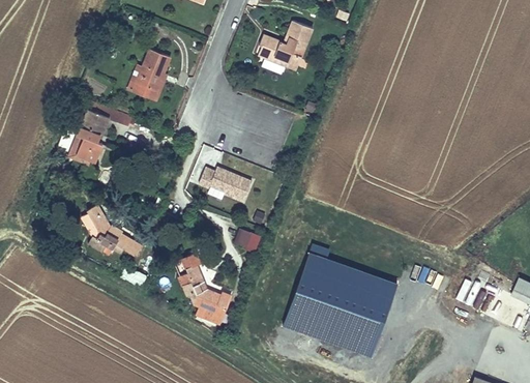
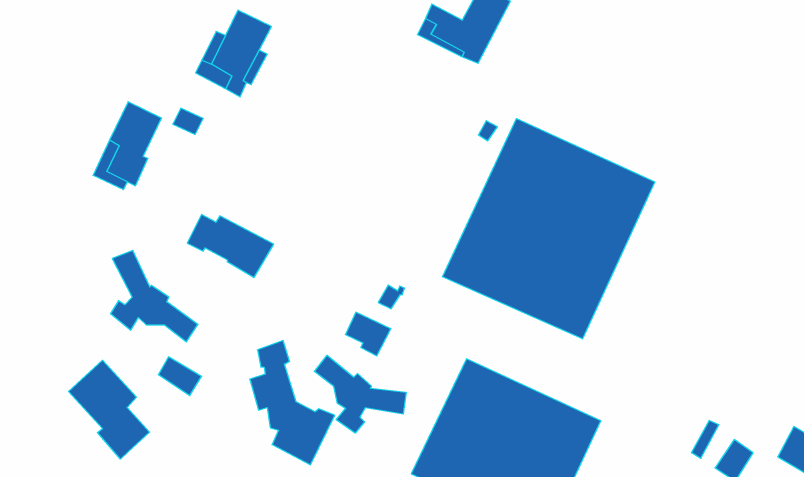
building: none -> [443,119,655,339]
building: [199,167,253,203] -> [187,214,274,277]
building: none -> [314,355,406,433]
building: none -> [69,360,150,459]

